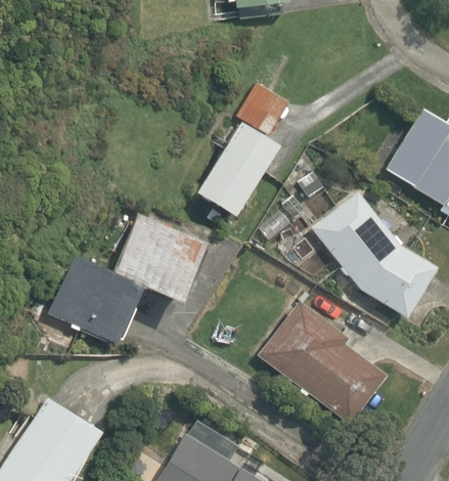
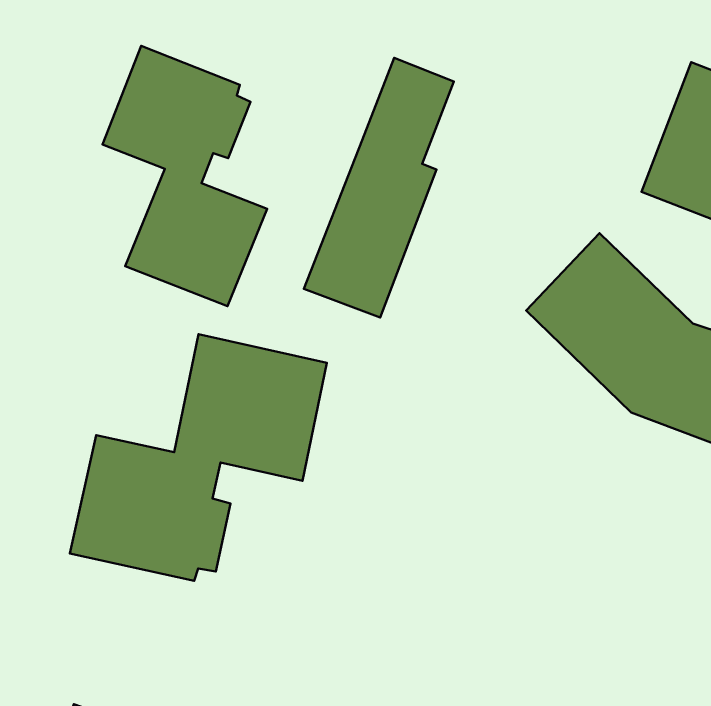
building: none -> [103,46,267,306]
building: [260,303,381,425] -> none

